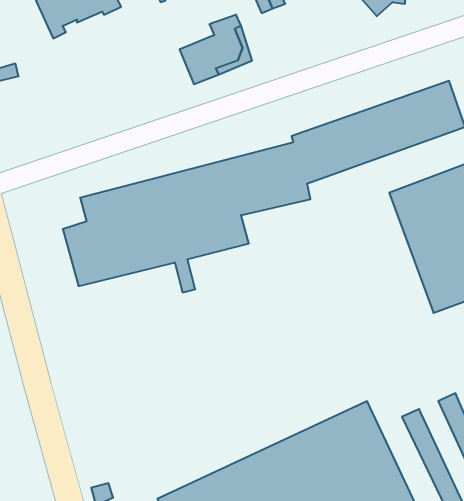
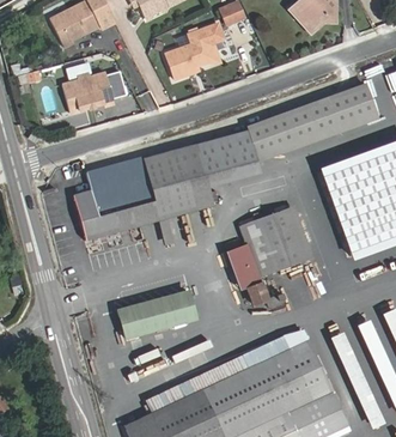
building: none -> [68,75,118,111]
building: none -> [227,206,312,308]
building: none -> [118,289,197,338]

